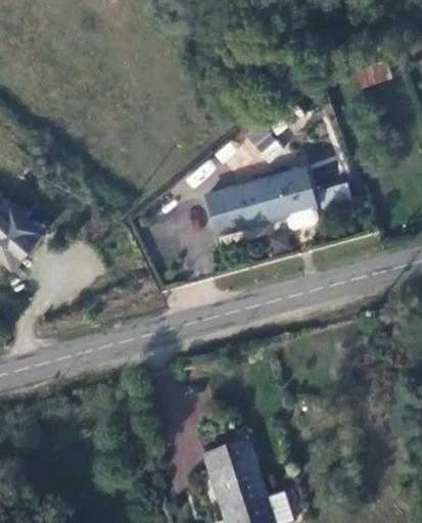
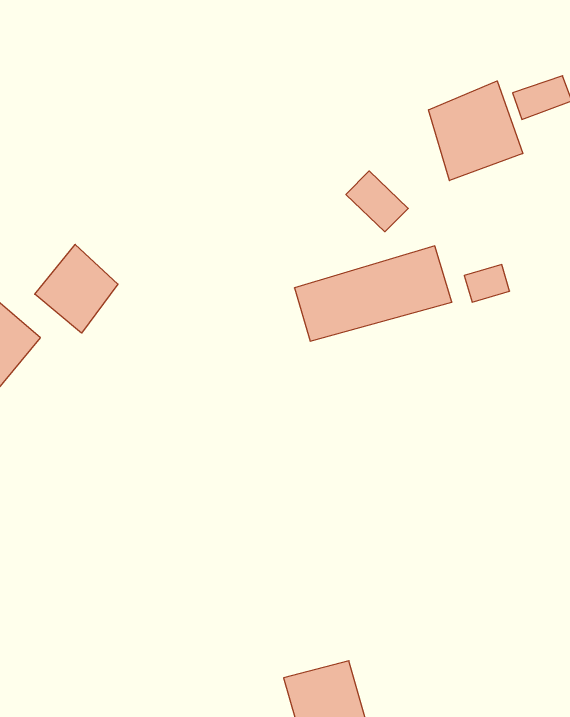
building: none -> [429,81,523,181]
building: none -> [35,244,118,333]

